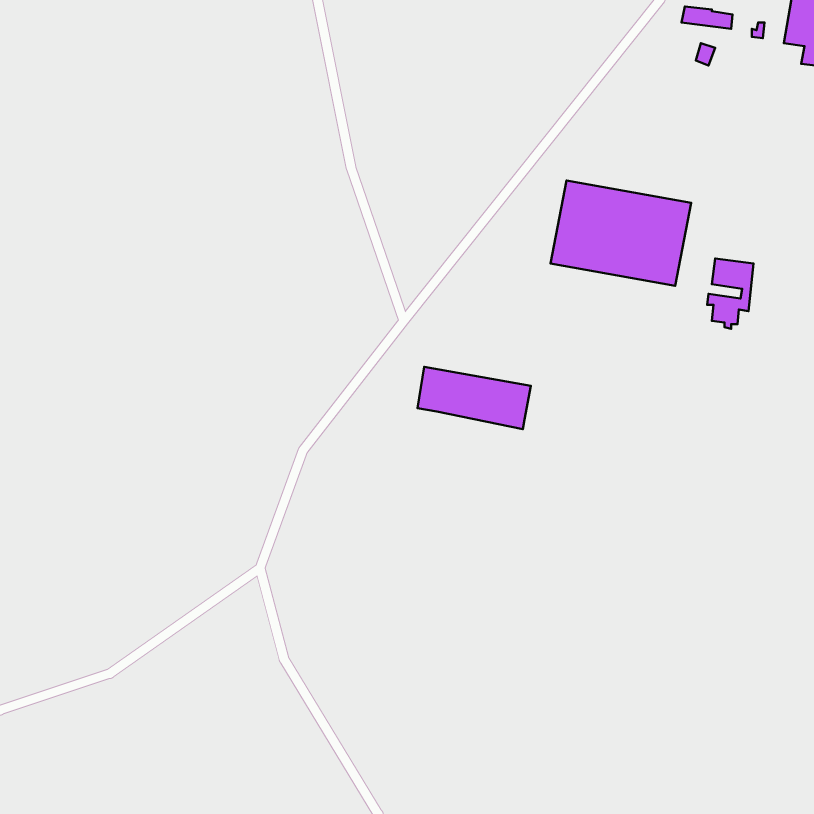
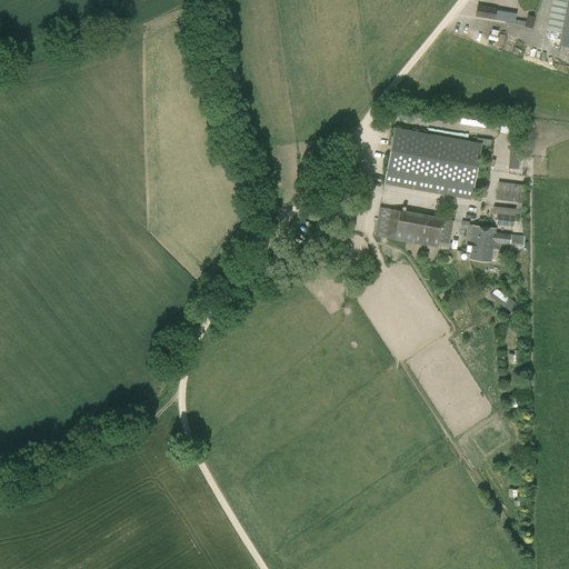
building: none -> [470,224,526,261]
building: [418,367,531,429] -> [376,206,455,249]

